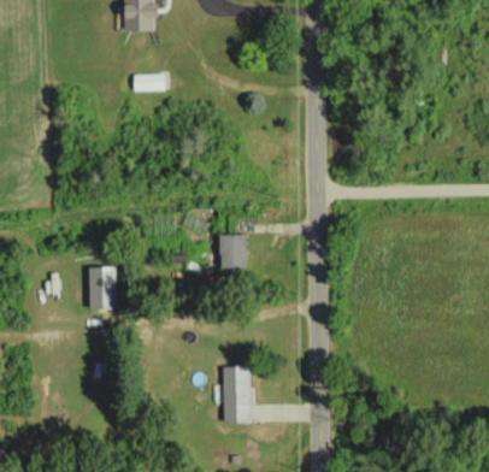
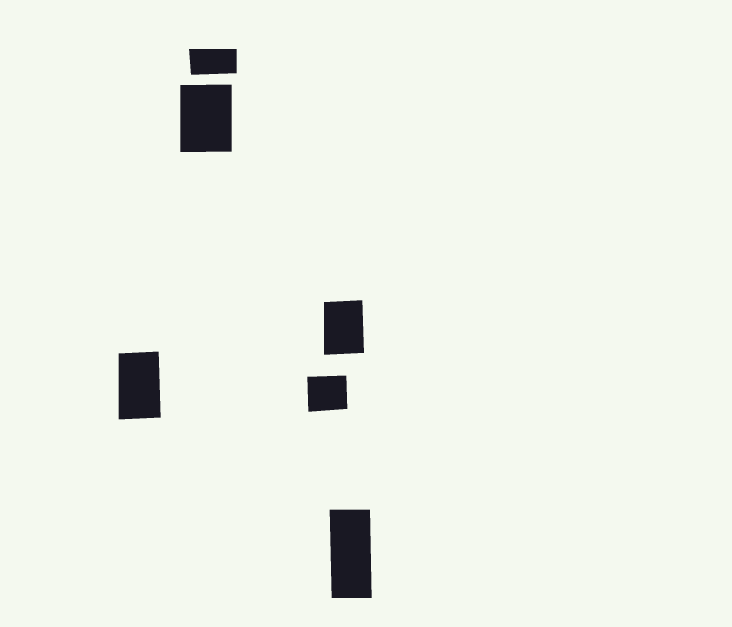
building: none -> [180,84,232,153]
building: none -> [307,375,348,413]

